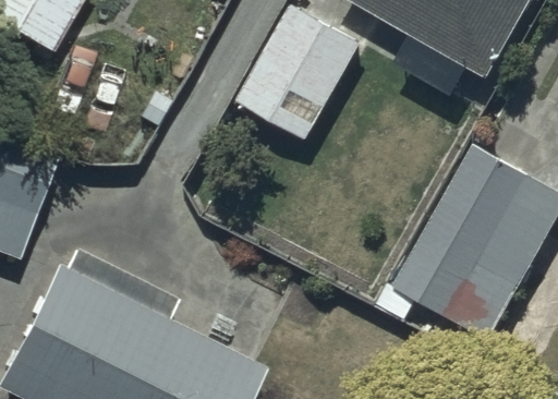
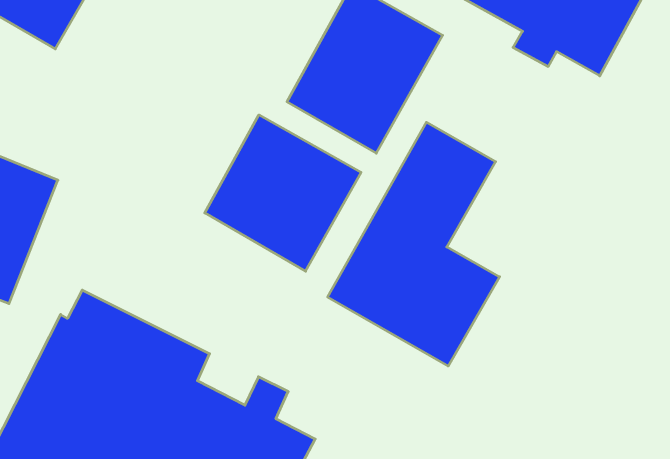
building: none -> [205,115,361,271]
building: [393,142,532,338] -> [328,122,500,366]

